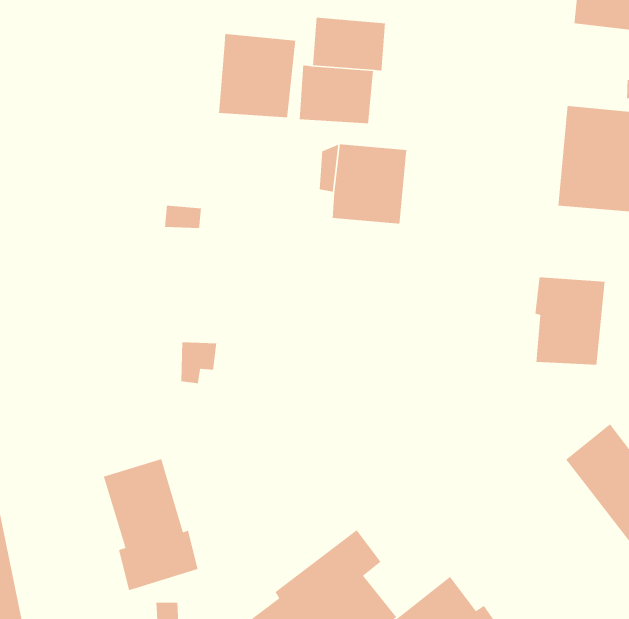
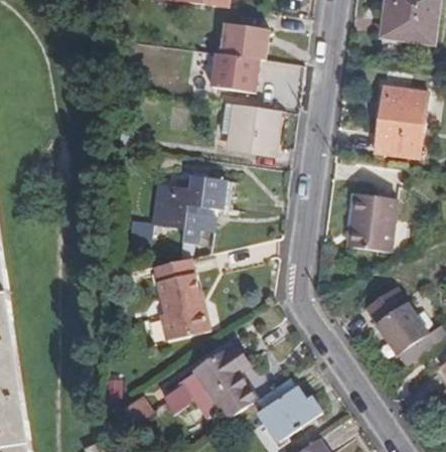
building: [218,33,296,118] -> none
building: none -> [154,171,227,244]
building: [103,458,199,591] -> [153,259,209,340]

